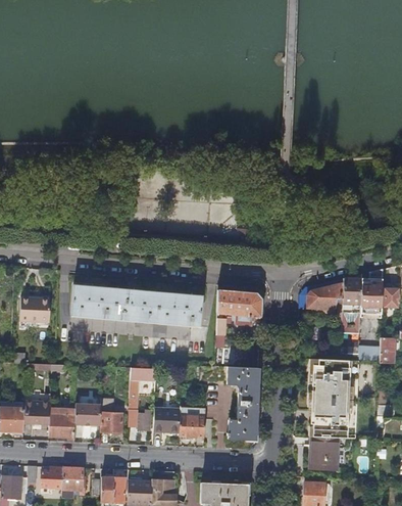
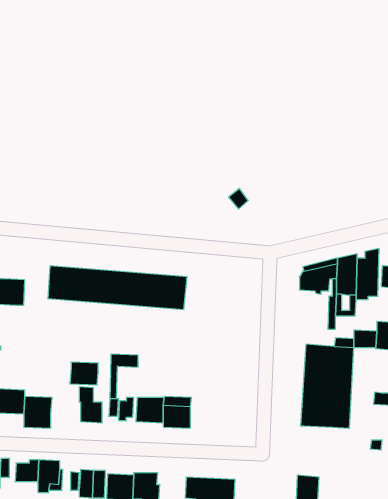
building: [216,290,261,332] -> none
building: [227,367,258,440] -> none
building: [74,404,101,425] -> [70,362,98,385]
building: [311,435,338,469] -> none

